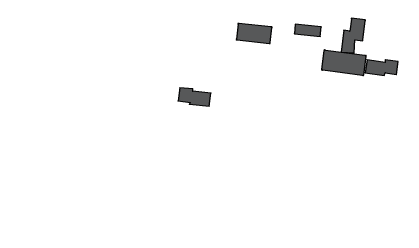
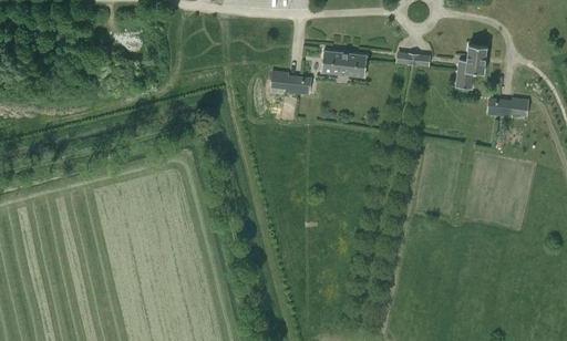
building: [322,50,366,76] -> none
building: [178,88,211,106] -> [270,71,312,94]

